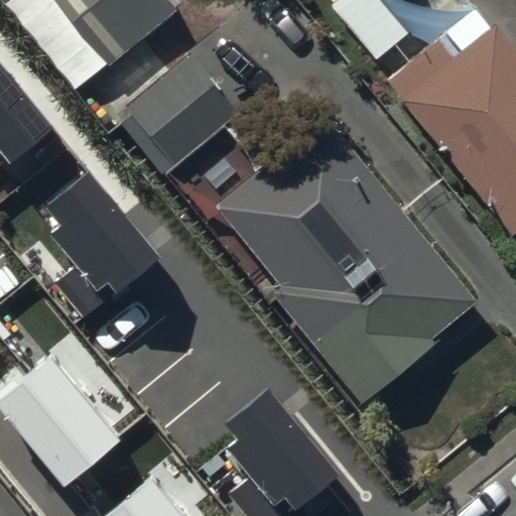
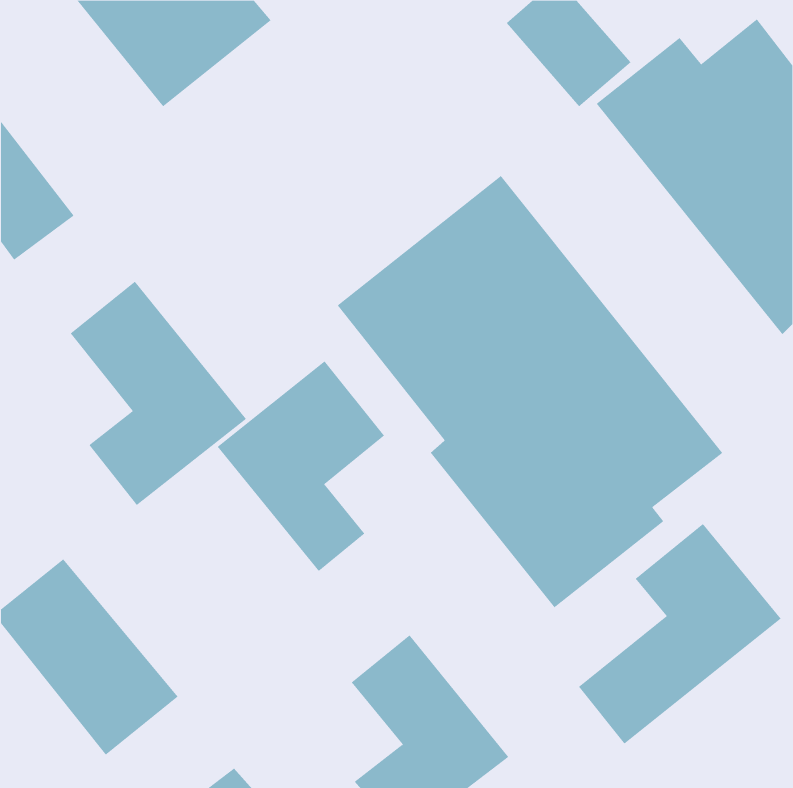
building: [129,50,237,159] -> none
building: none -> [217,360,385,572]
building: none -> [578,523,782,744]

